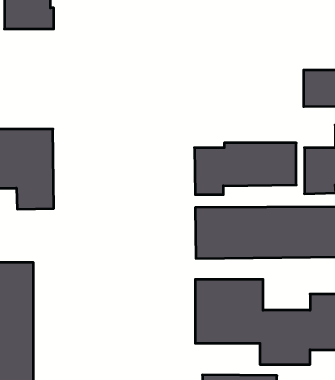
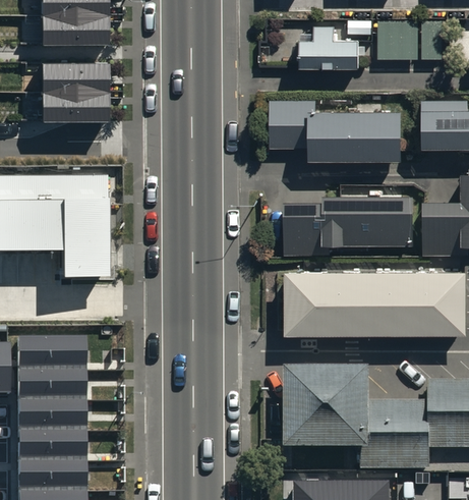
building: none -> [299,21,371,66]
building: none -> [378,23,443,60]
building: none -> [46,66,107,124]
building: none -> [269,102,399,158]

